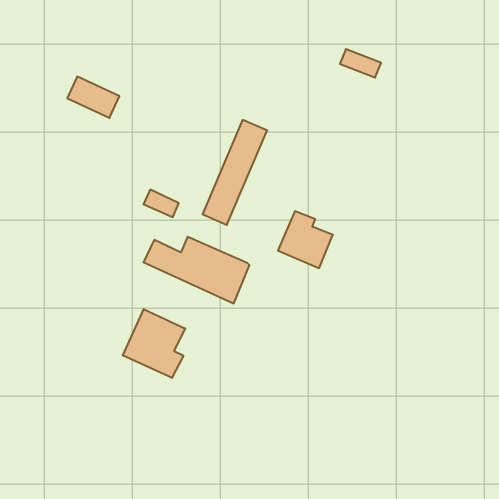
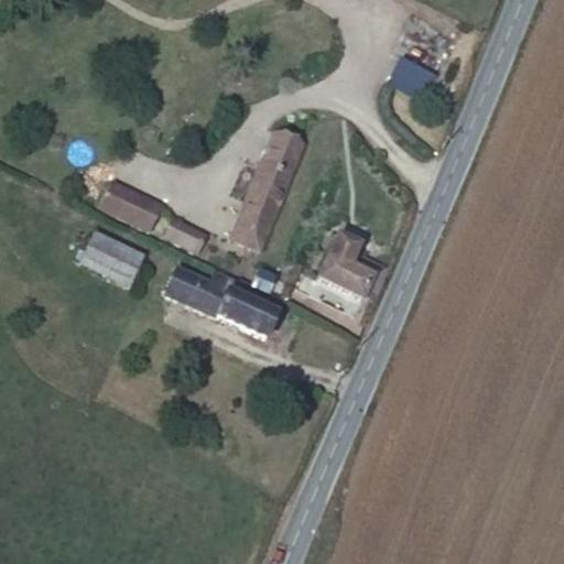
building: [67,77,119,118] -> [100,176,159,223]
building: none -> [85,240,134,282]
building: [123,309,185,378] -> none

